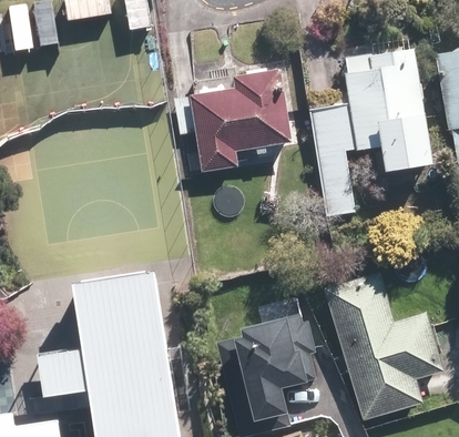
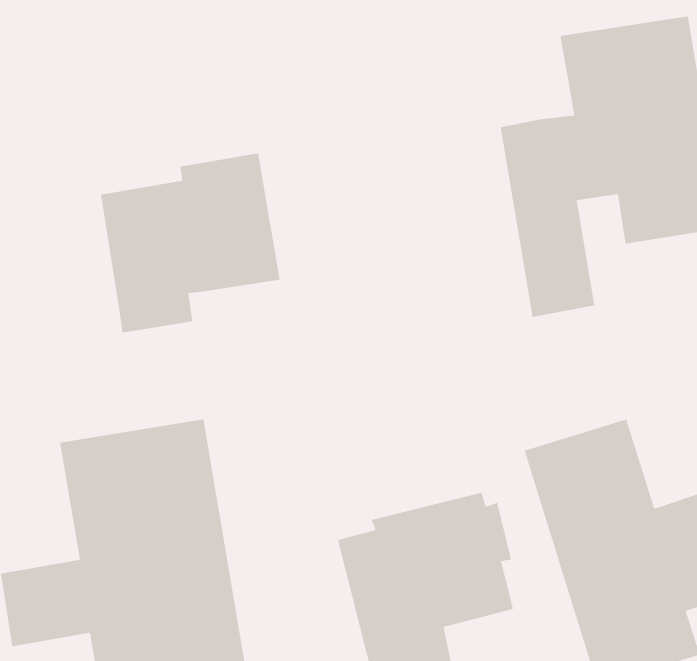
building: [190,70,290,171] -> [100,153,281,333]

